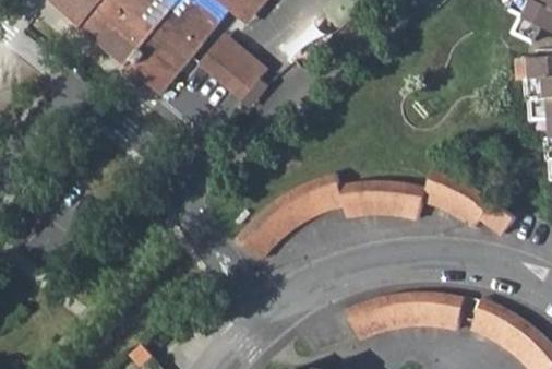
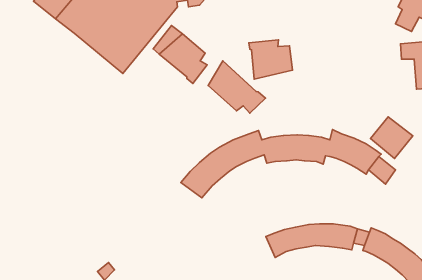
building: none -> [249,40,292,79]
building: none -> [208,61,265,113]
building: none -> [370,117,413,159]

